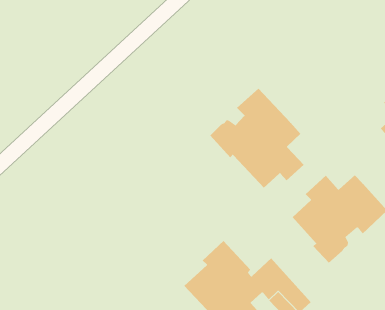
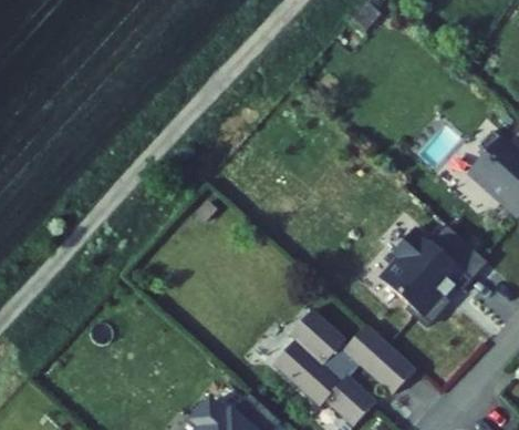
building: [209,88,304,189] -> none

